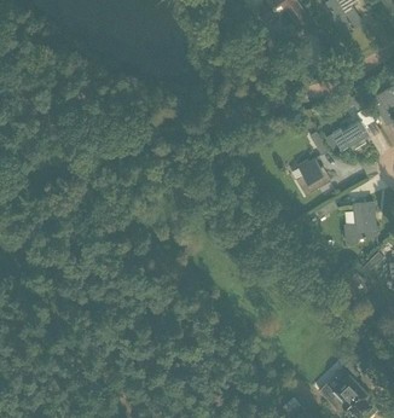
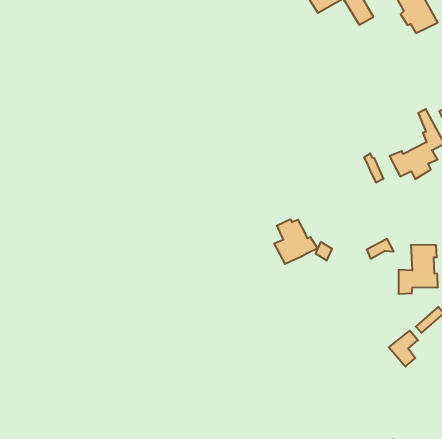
building: [296,158,331,195] -> [274,219,317,264]

